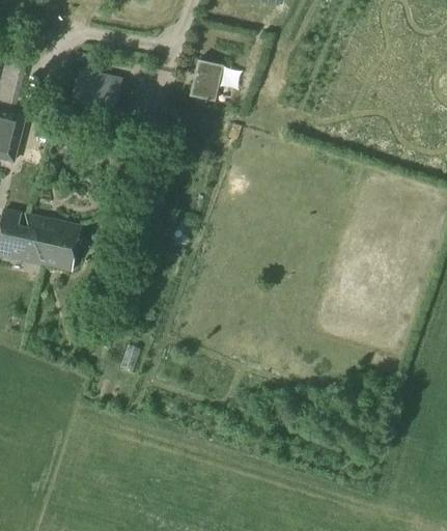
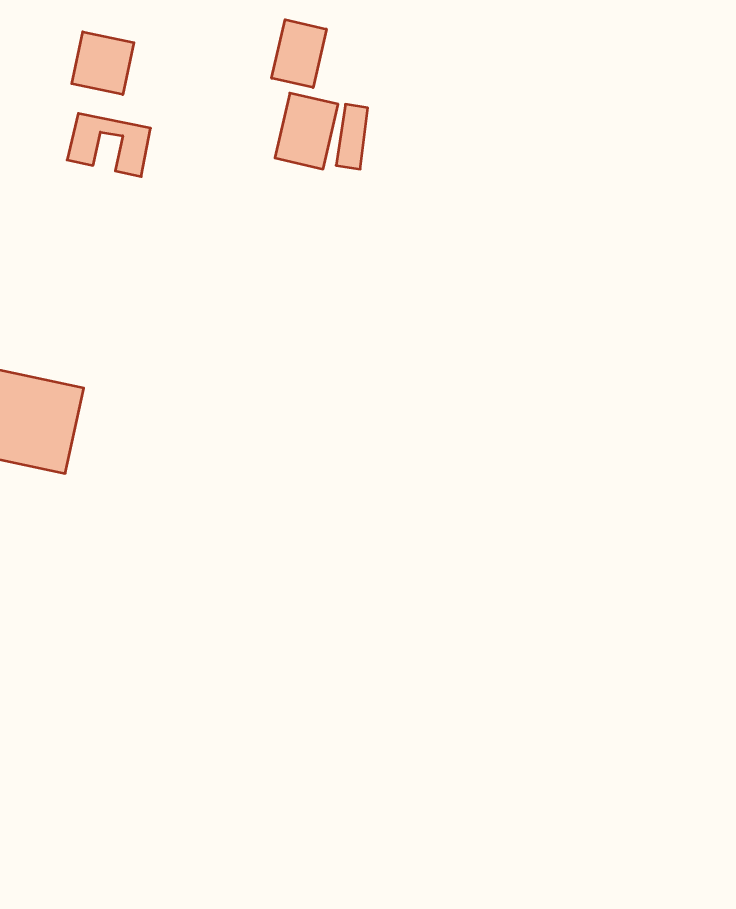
building: none -> [272,20,326,88]
building: none -> [72,32,134,95]

